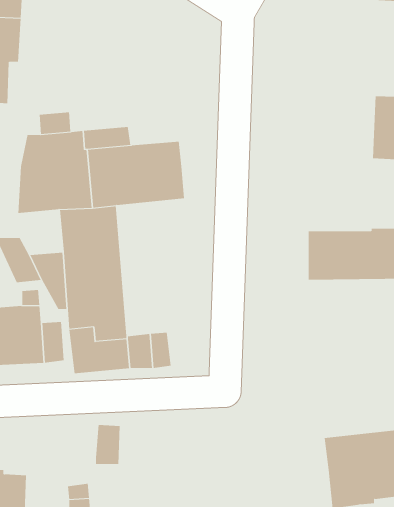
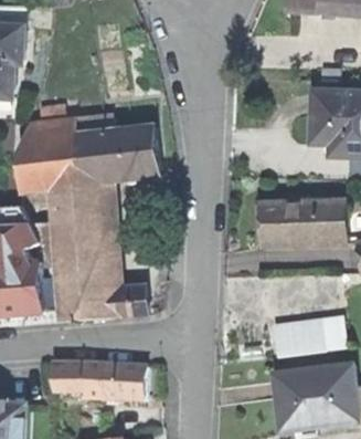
building: none -> [270,317,322,355]
building: none -> [51,360,86,390]
building: none -> [104,364,146,398]

